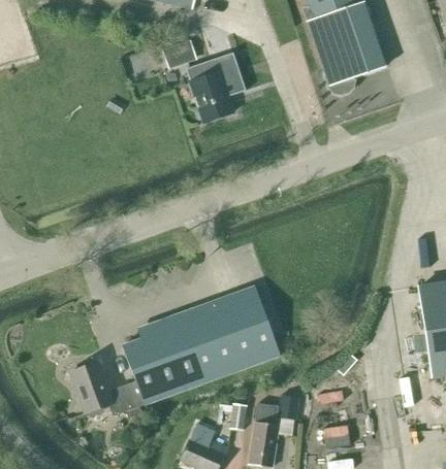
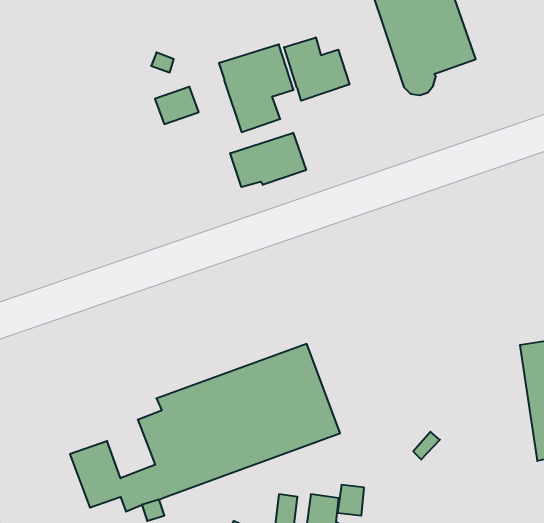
building: [162,38,196,67] -> [155,87,199,124]
building: none -> [284,37,349,101]
building: none -> [230,133,306,187]

